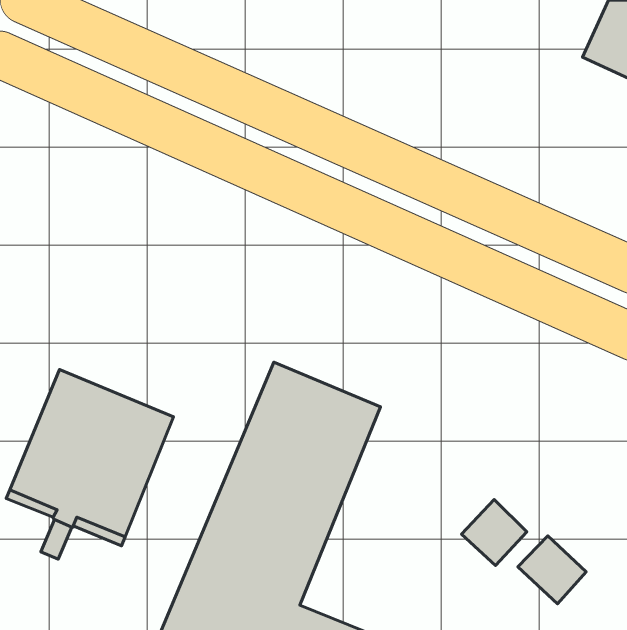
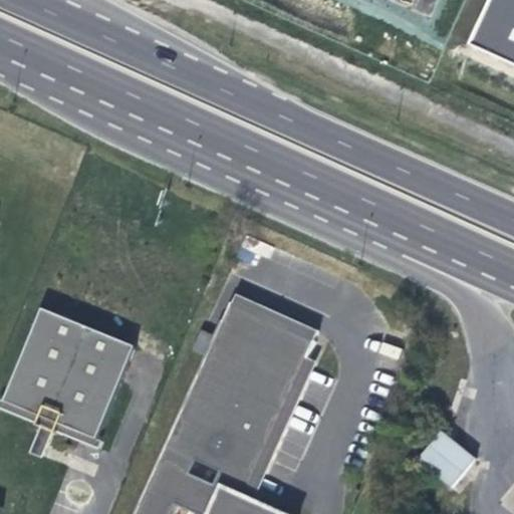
building: [462,500,527,565] -> none

